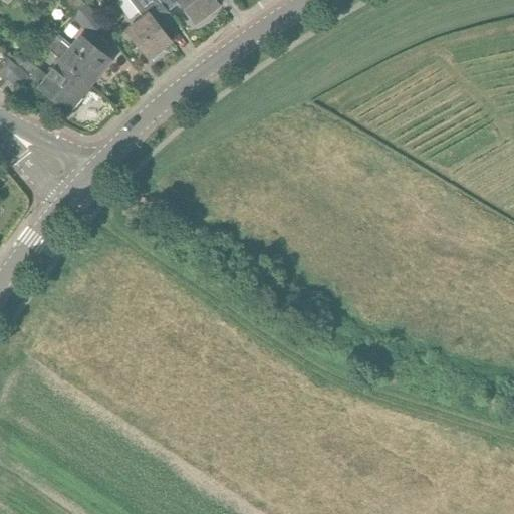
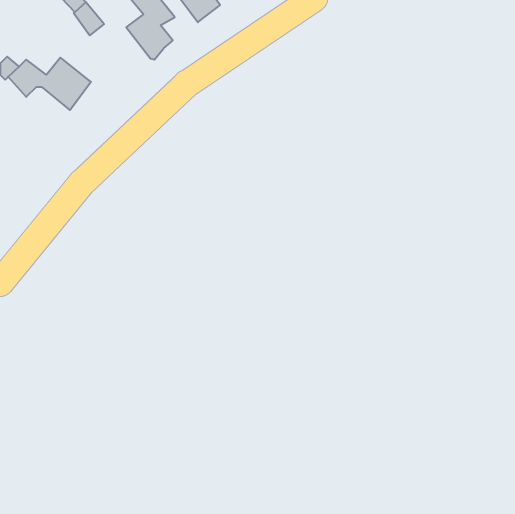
building: [61,34,110,81] -> none

